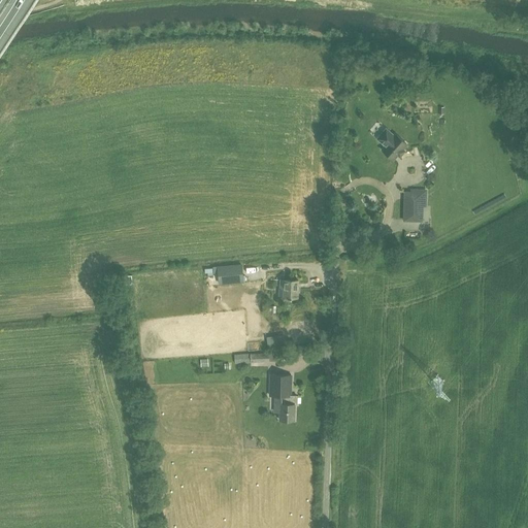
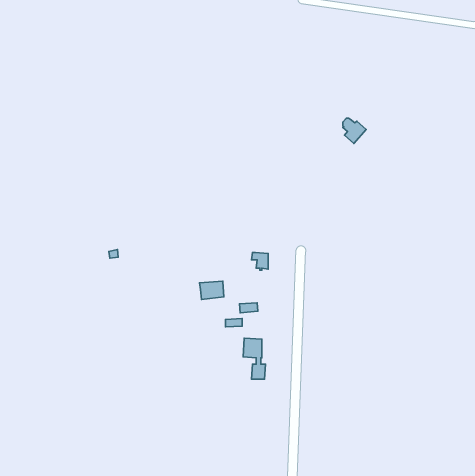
building: [403,192,421,221] -> none
building: [216,264,242,285] -> [200,281,224,300]

